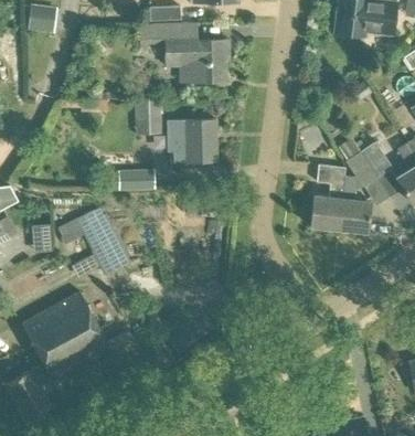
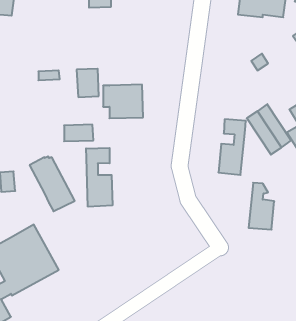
building: [145,24,226,84] -> none
building: [338,174,370,233] -> [249,183,274,230]
building: none -> [86,148,112,207]

